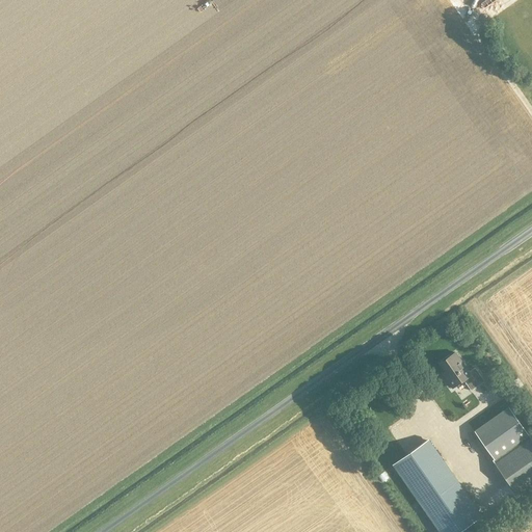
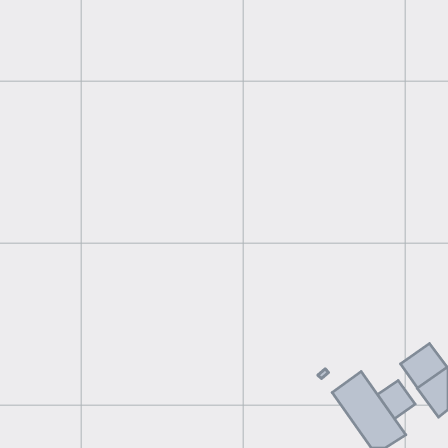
building: [440,351,483,390] -> none
building: none -> [377,381,415,419]

